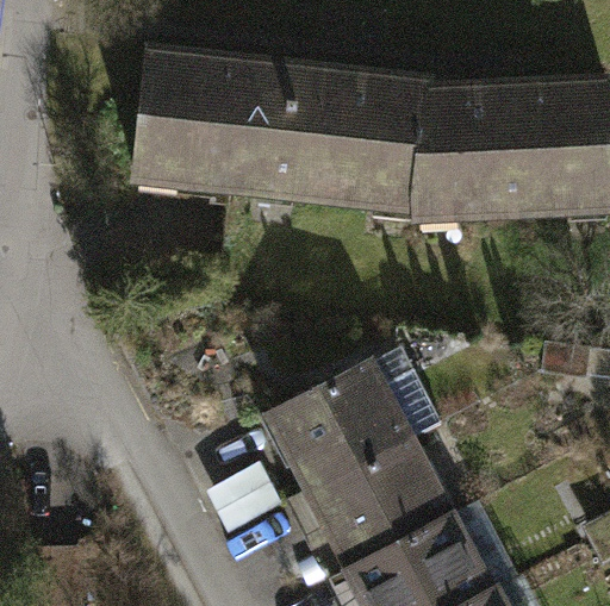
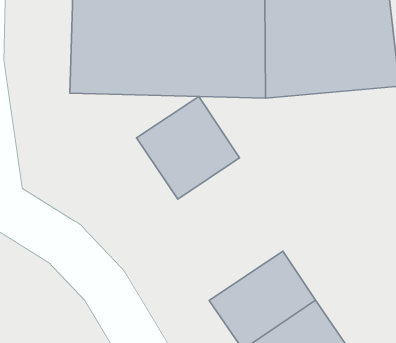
building: none -> [137,96,240,199]
building: [266,366,416,498] -> none

